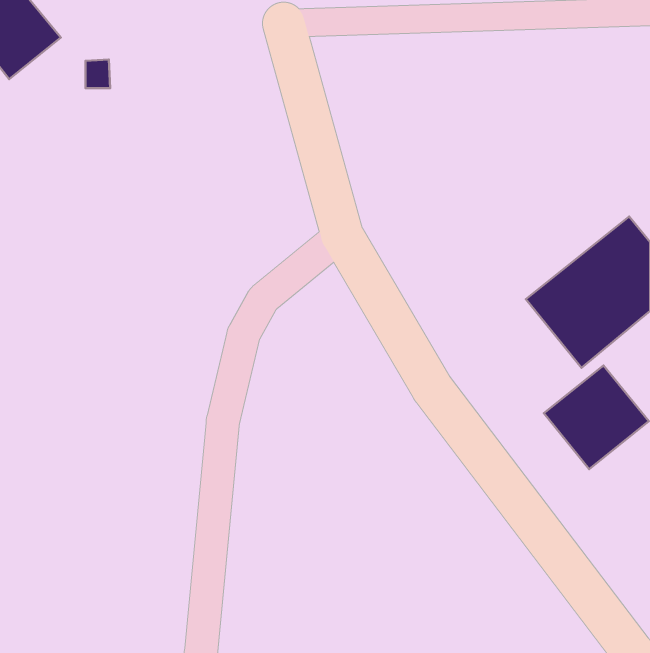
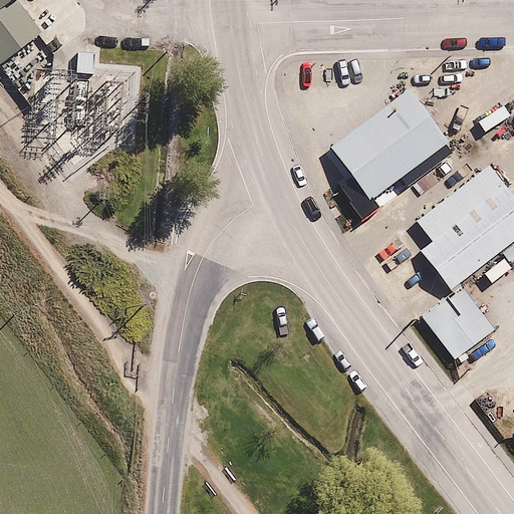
building: none -> [331,88,448,200]

